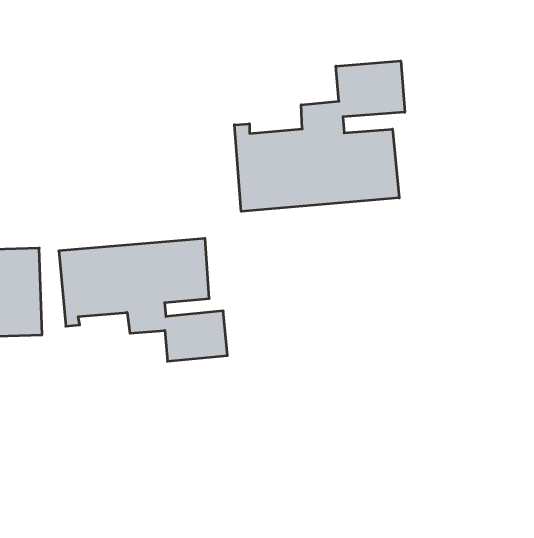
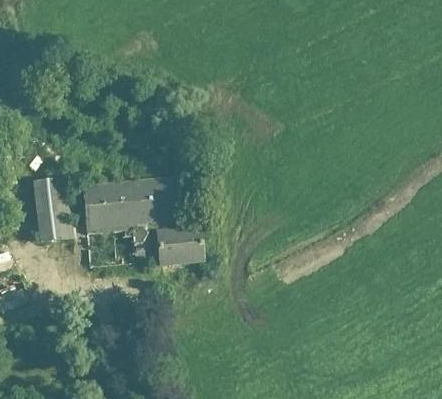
building: [234,61,405,211] -> none

